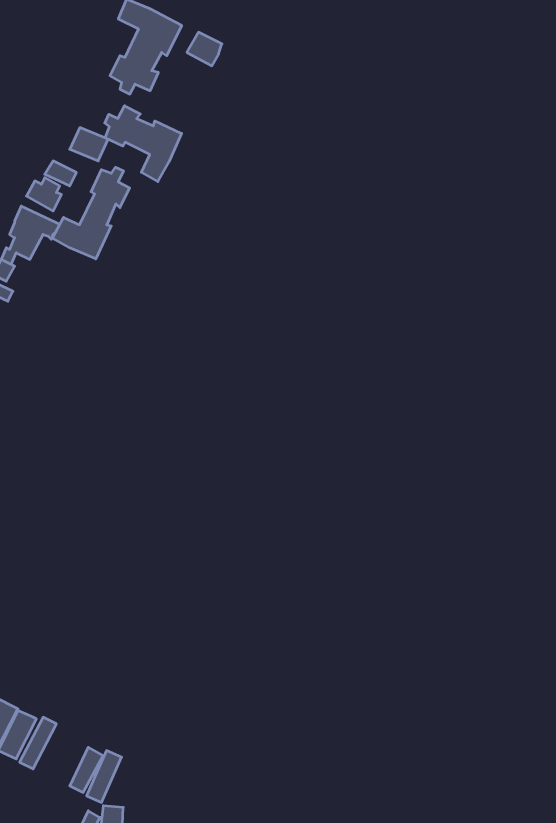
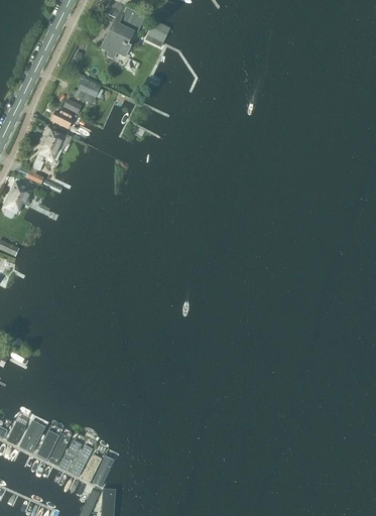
building: [105,106,182,182] -> none
building: [53,167,130,259] -> none
building: none -> [57,438,91,475]

